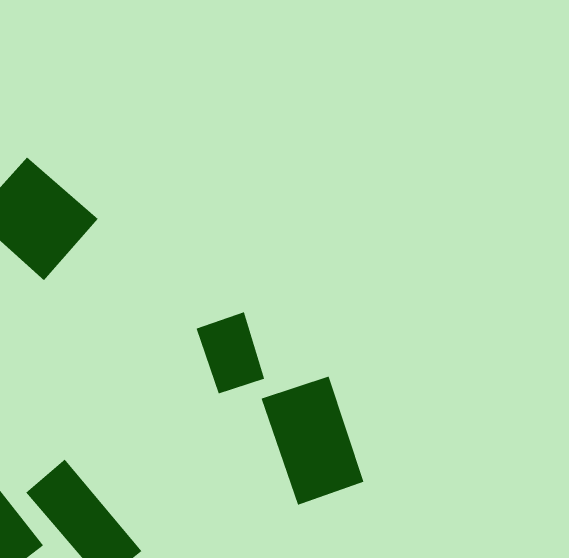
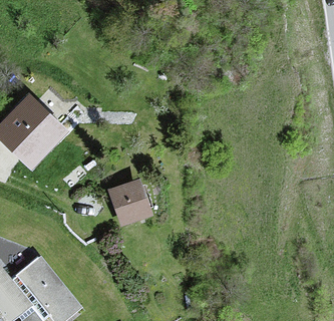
building: [261,376,365,506] -> none

